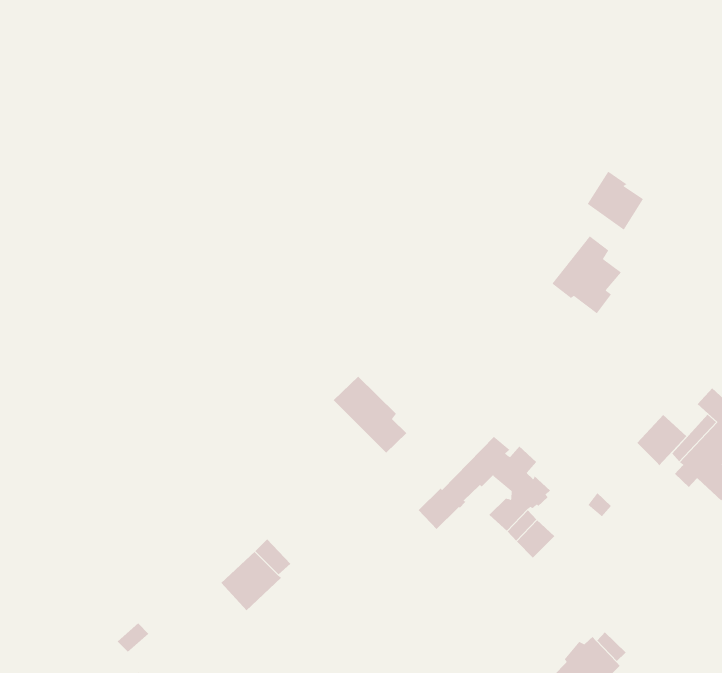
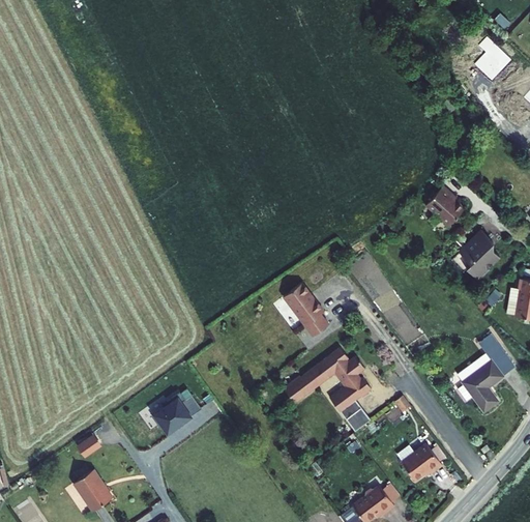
building: [551,235,622,314] -> [451,225,498,277]
building: [333,376,407,453] -> [287,293,332,346]
building: [636,414,687,466] -> none
building: none -> [404,439,446,479]

